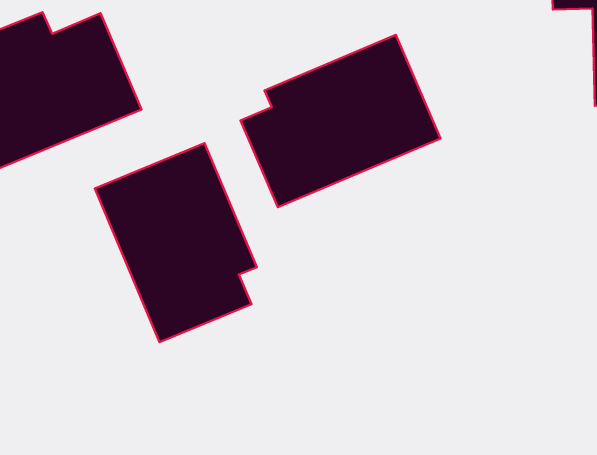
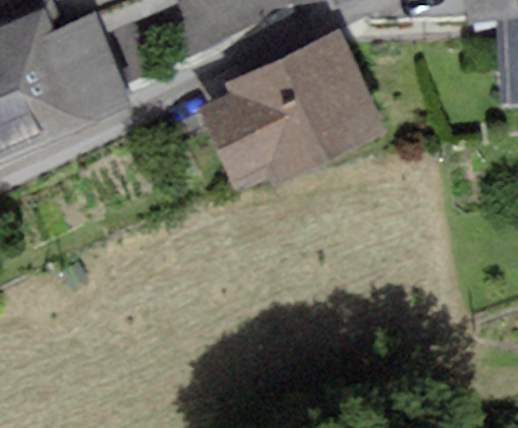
building: [95,143,257,342] -> none

